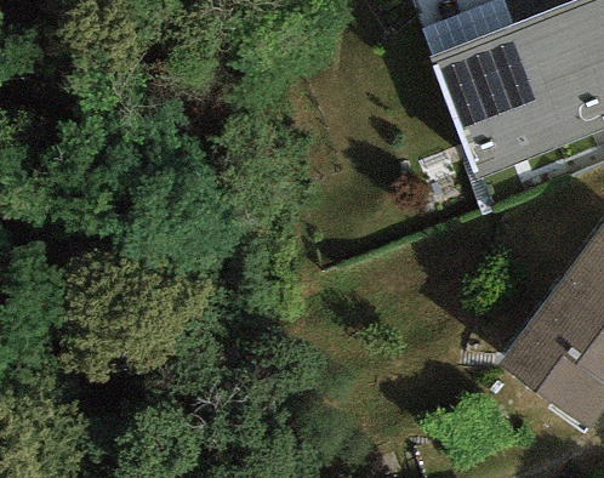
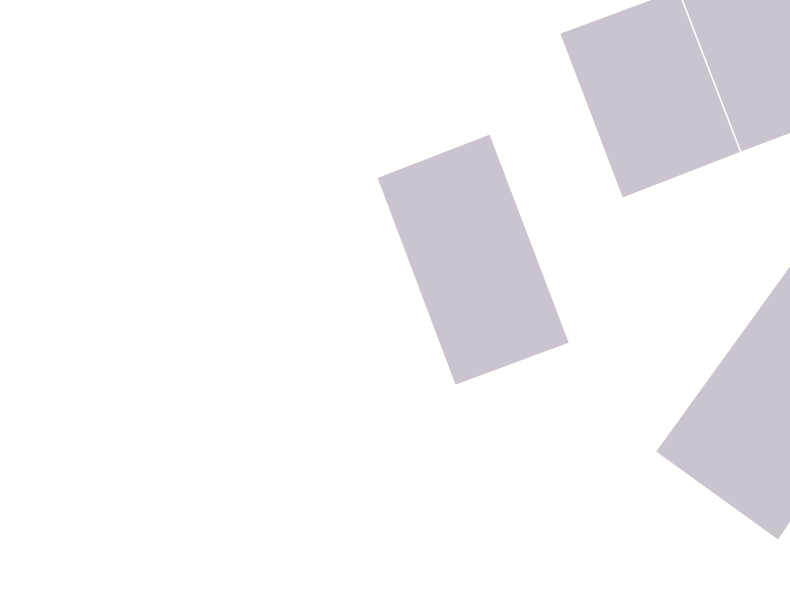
building: none -> [377,134,570,385]

